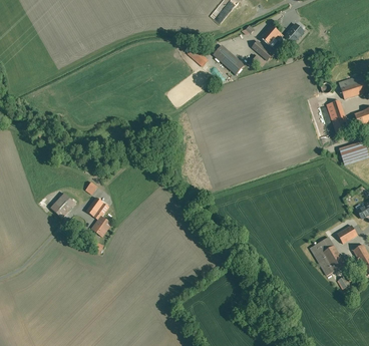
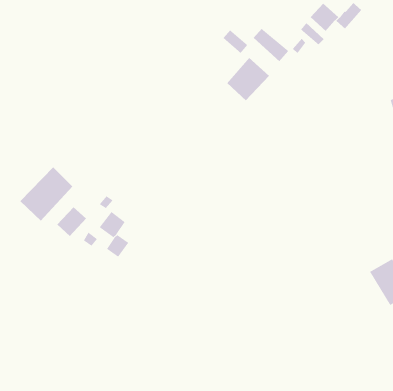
building: none -> [226,57,270,101]
building: none -> [19,167,73,221]

